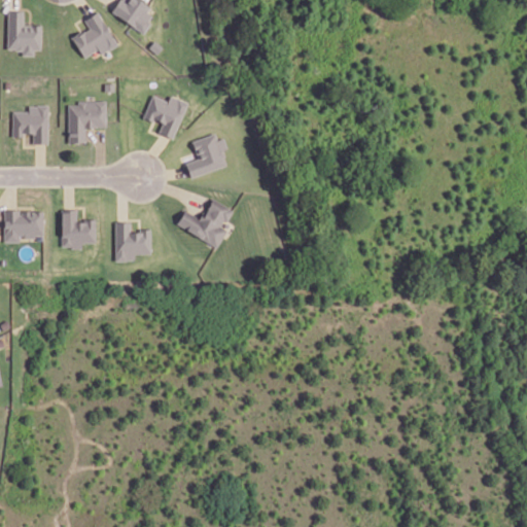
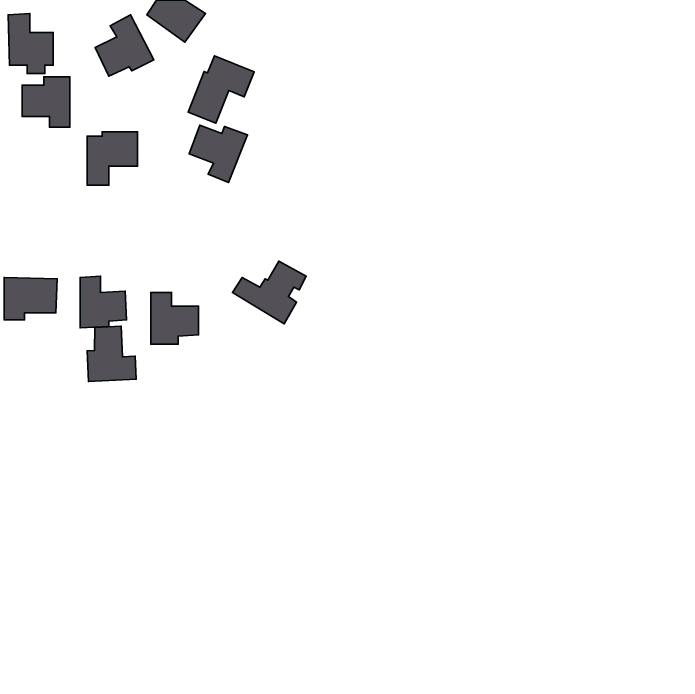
building: none -> [188,56,254,123]
building: [11,106,47,144] -> [22,77,70,127]
building: [185,134,226,178] -> none
building: none -> [87,326,136,382]

